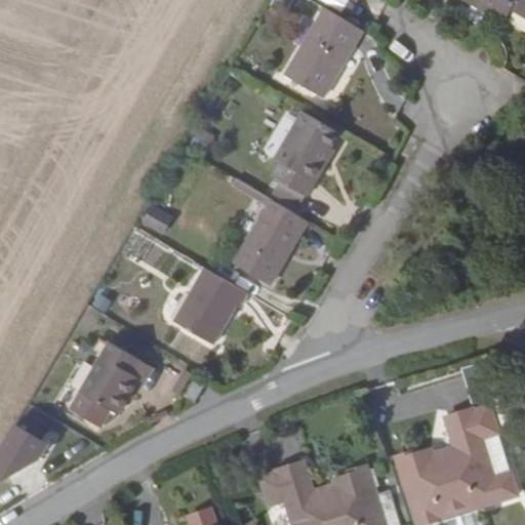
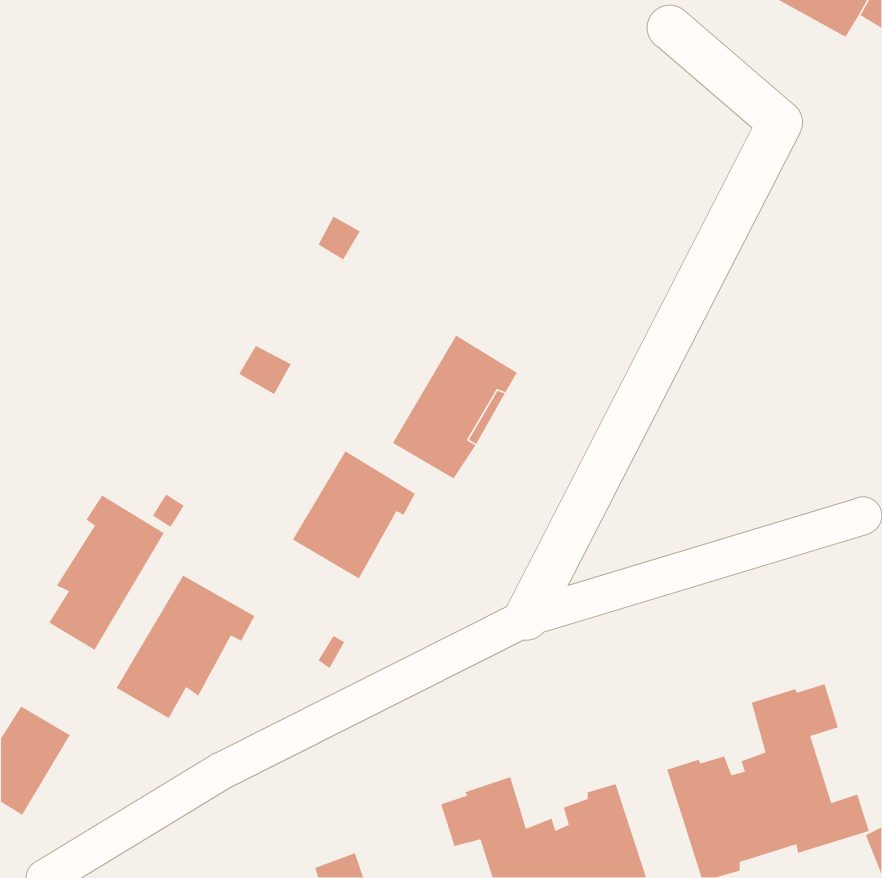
building: [284,7,363,98] -> none
building: [272,111,340,197] -> none
building: none -> [48,494,165,651]

